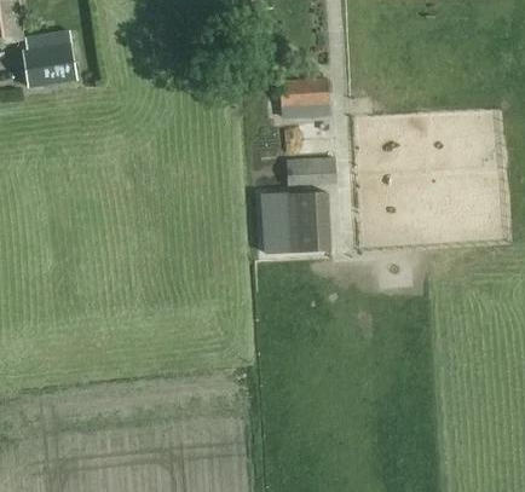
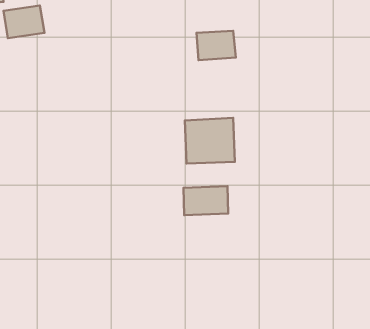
building: [285,156,335,183] -> none
building: none -> [184,186,228,215]

